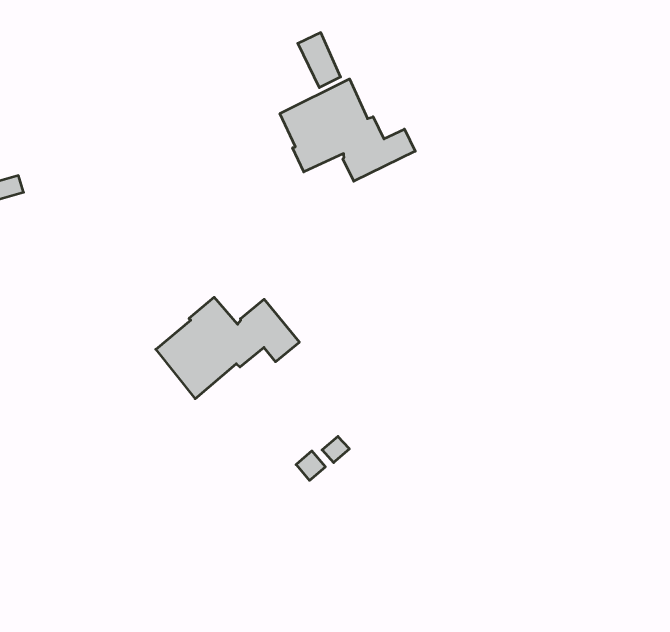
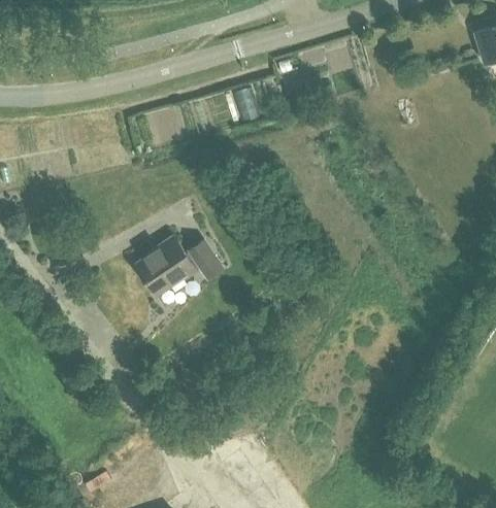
building: [280,79,415,181] -> none

